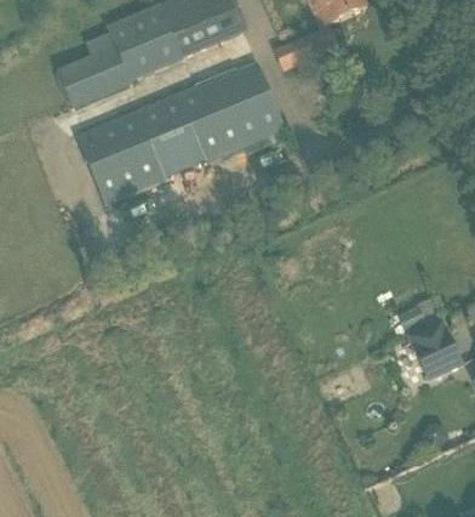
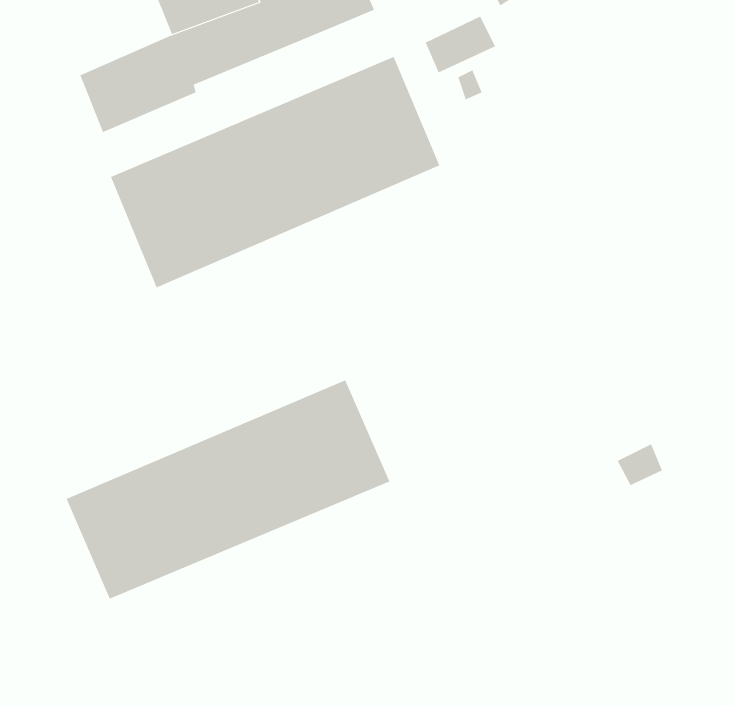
building: none -> [66,380,390,600]
building: [408,319,462,380] -> none

